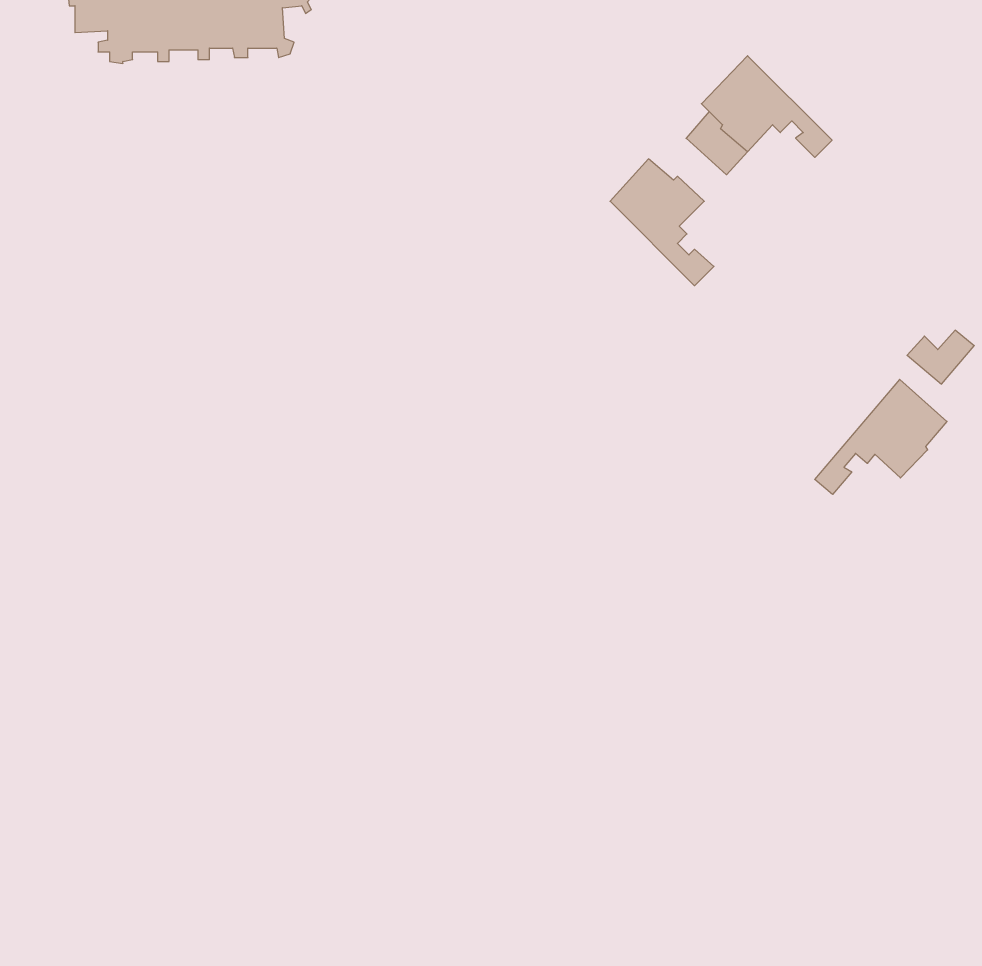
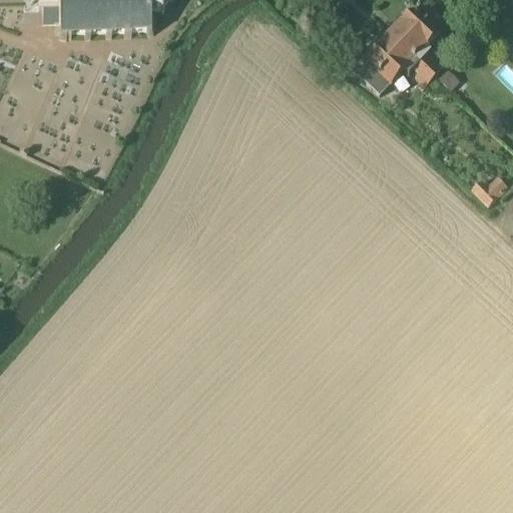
building: [610,159,714,286] -> [390,7,444,73]
building: [815,379,947,494] -> none

